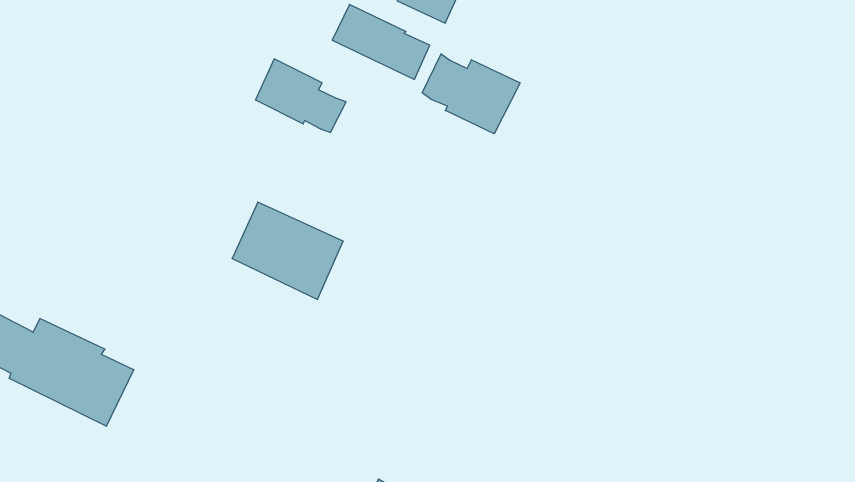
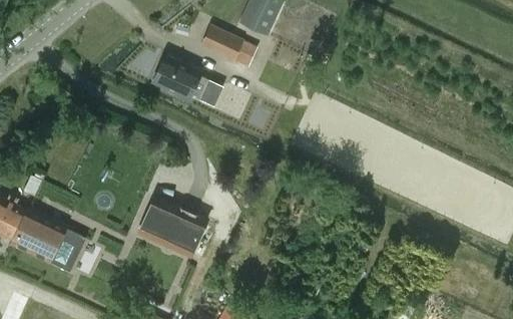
building: [422,54,520,134] -> none
building: [232,202,343,299] -> [139,198,204,255]

